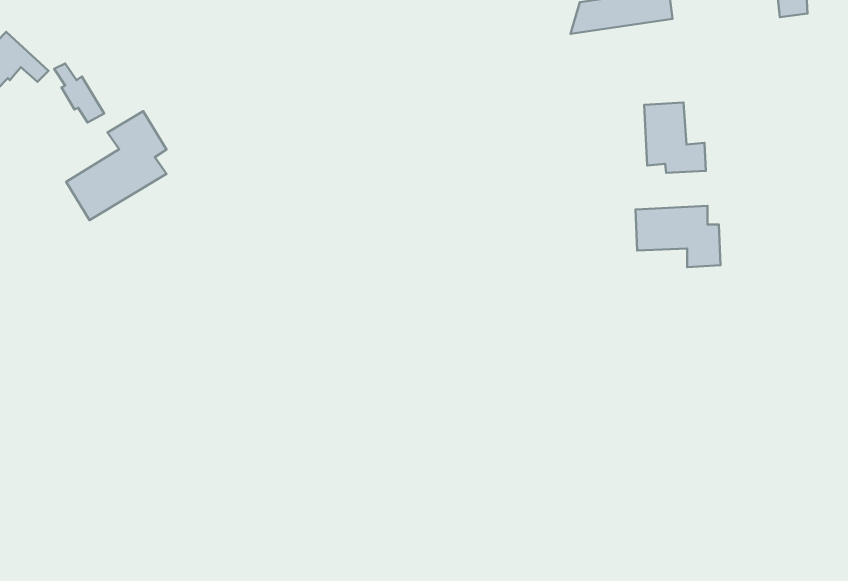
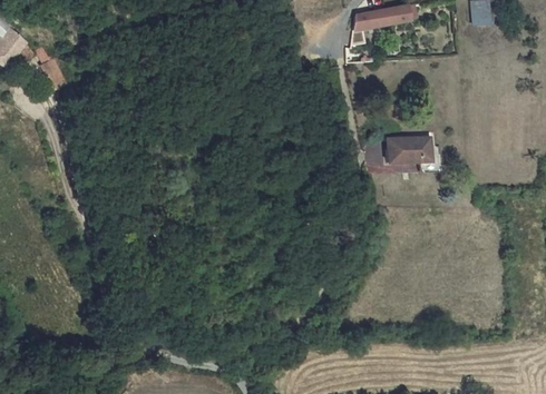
building: [644,103,706,173] -> none
building: [66,111,166,220] -> none

